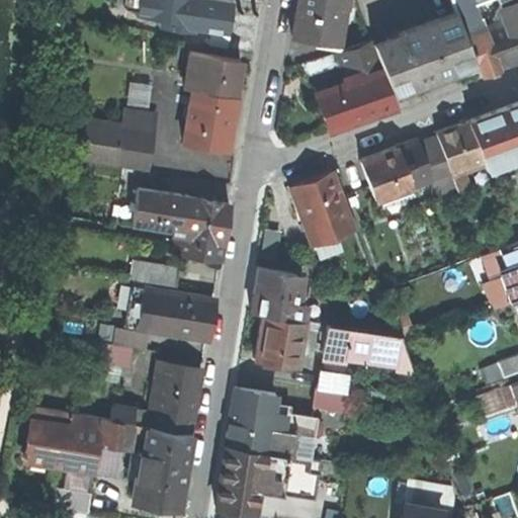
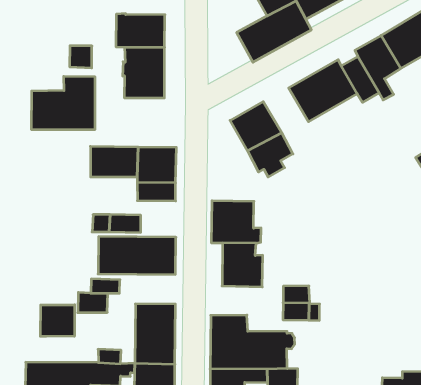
building: [325,326,412,368] -> none
building: none -> [40,305,75,336]

